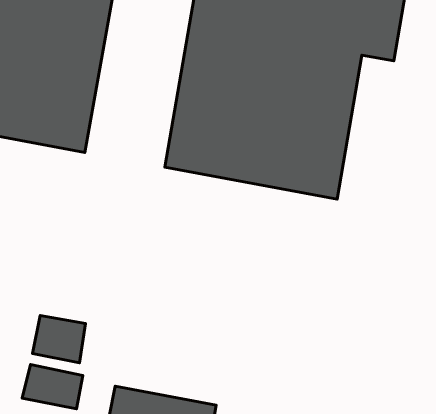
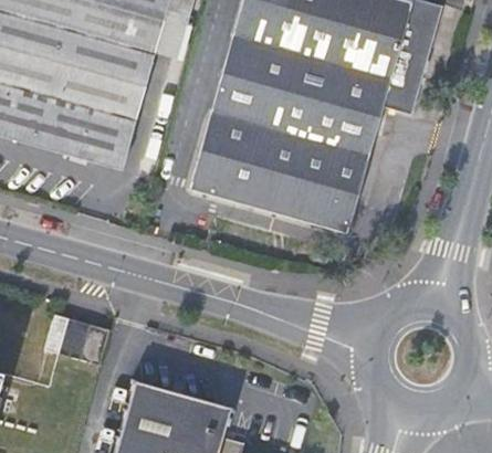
building: [22,364,83,409] -> none

